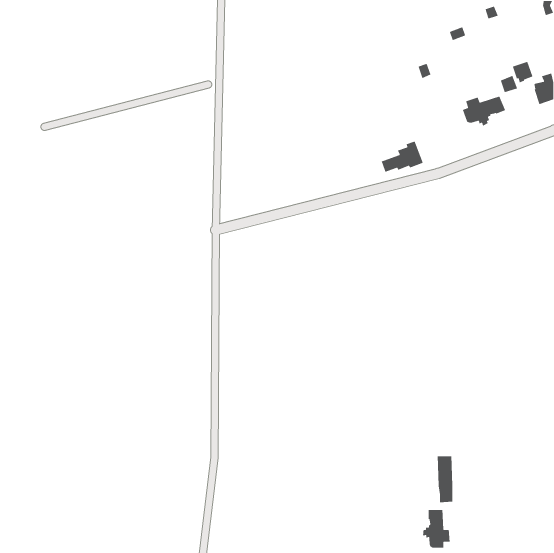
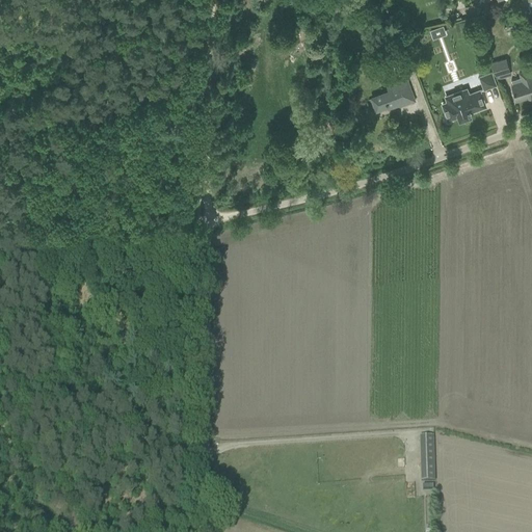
building: [380,140,424,173] -> [372,80,414,111]
building: [422,509,450,548] -> none

